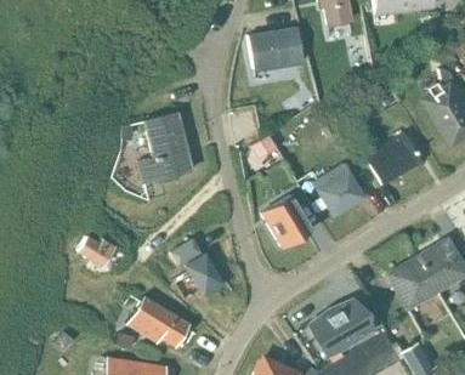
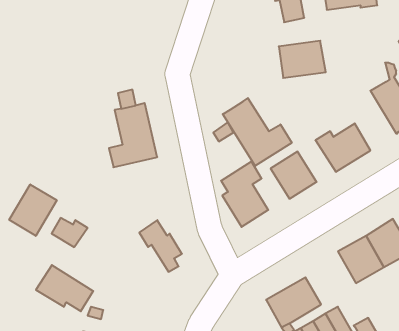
building: [253,28,304,68] -> [279,41,326,78]
building: none -> [223,98,292,166]
building: none -> [9,184,57,236]
building: [129,297,191,347] -> [36,265,93,311]

